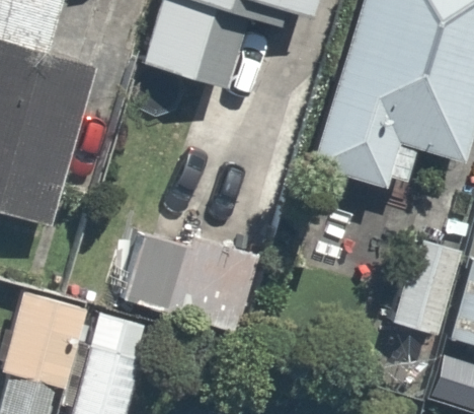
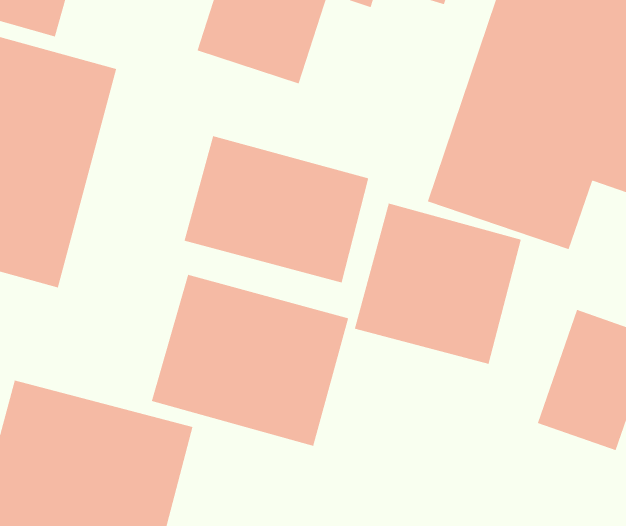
building: none -> [184,135,369,284]
building: none -> [354,203,522,365]

